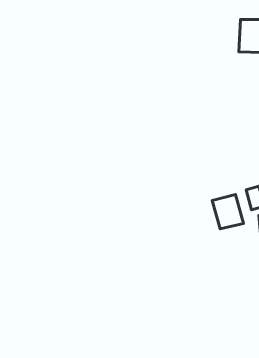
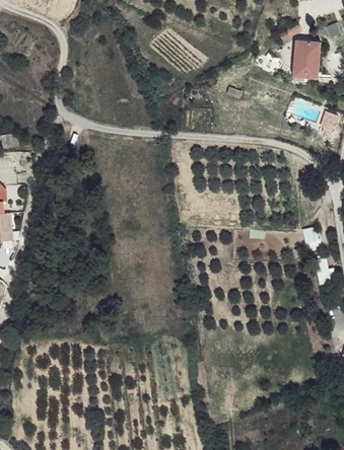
building: [212,194,243,229] -> none

